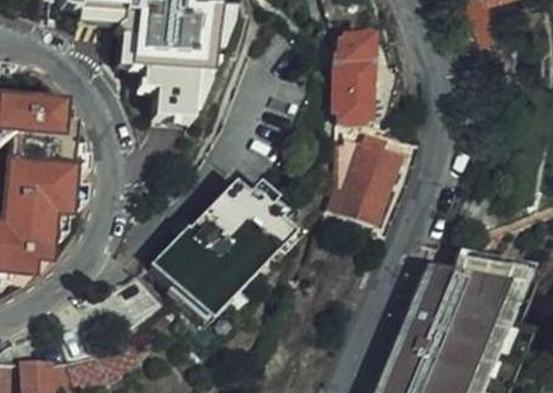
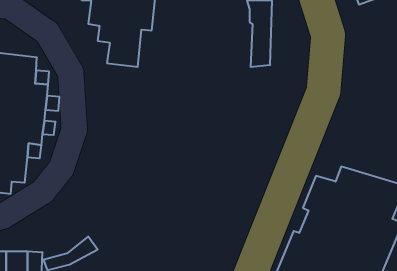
building: [329,133,398,225] -> none
building: [151,177,290,313] -> none

